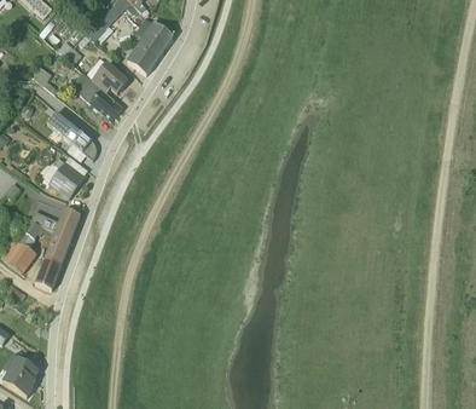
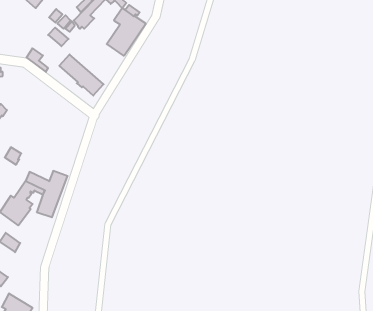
building: [85,57,128,93] -> none
building: [46,110,95,161] -> none
building: [42,155,85,197] -> none
building: [34,257,62,289] -> none

